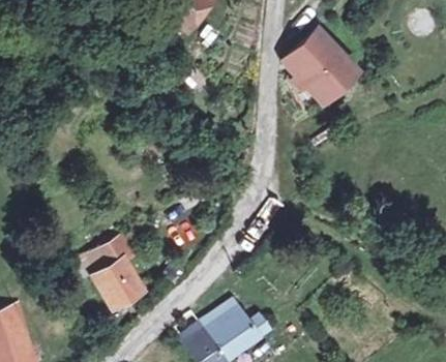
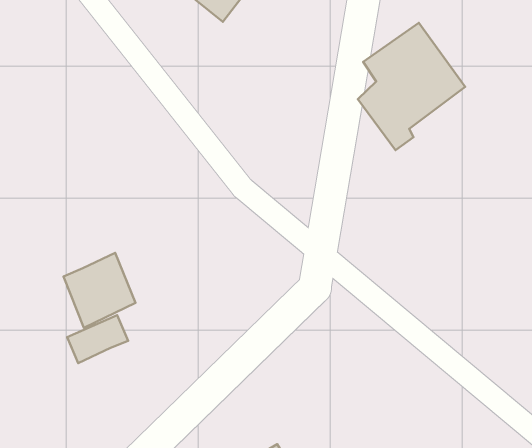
building: [96,253,145,304] -> [63,253,136,328]

